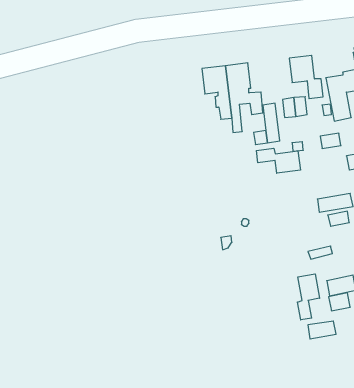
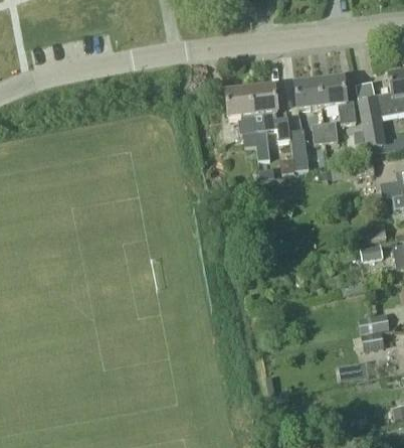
building: none -> [293,80,322,109]
building: [256,148,300,173] -> none
building: [297,274,320,320] -> none

